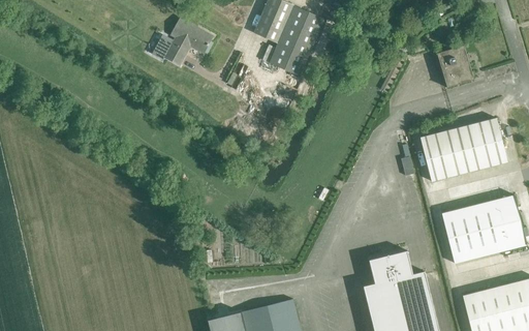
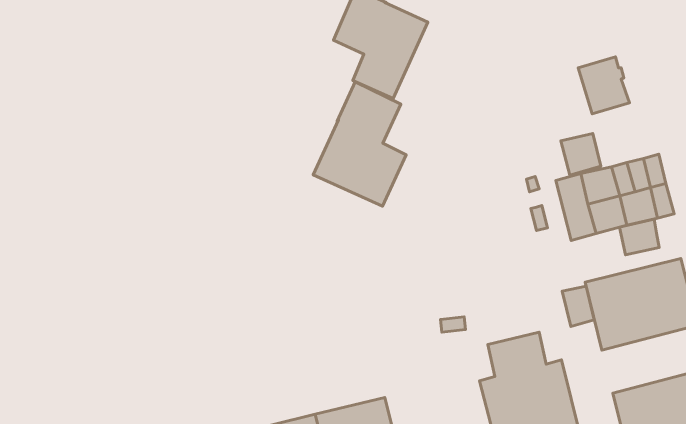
building: [152,20,214,64] -> none
building: none -> [313,82,406,206]
building: none -> [561,133,601,175]
building: none -> [619,219,659,255]
building: none -> [562,286,594,326]

